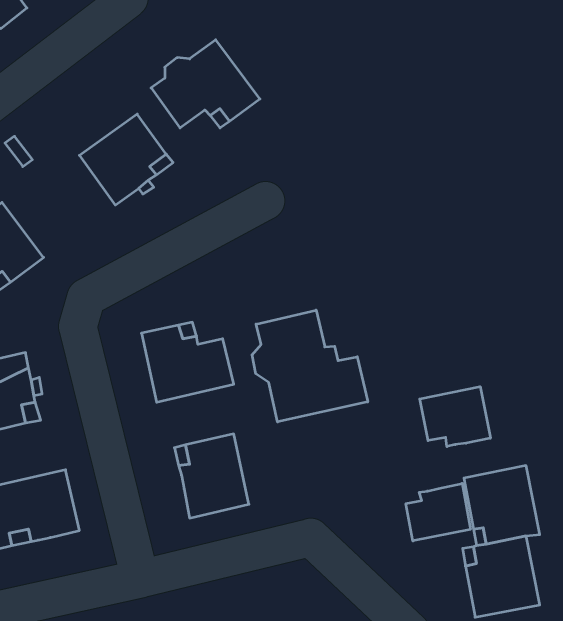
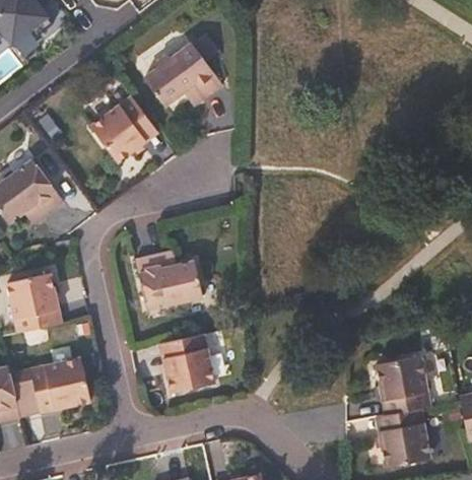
building: [252,310,368,422] -> none
building: [420,387,490,447] -> none
building: [406,483,470,541] -> none

